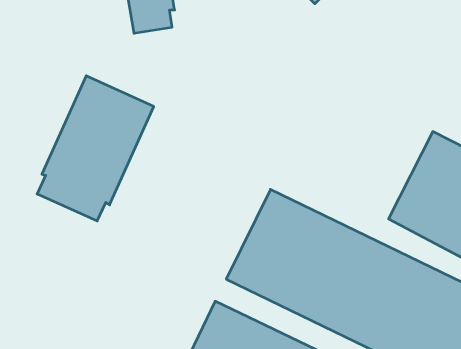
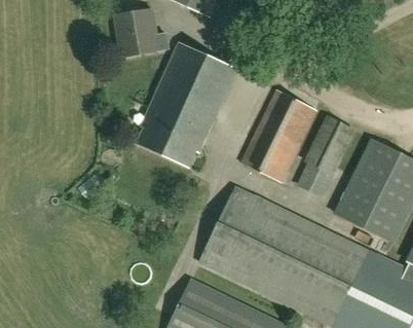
building: none -> [241,89,316,181]
building: [37,76,154,221] -> [138,43,235,165]
building: none -> [297,115,354,196]

